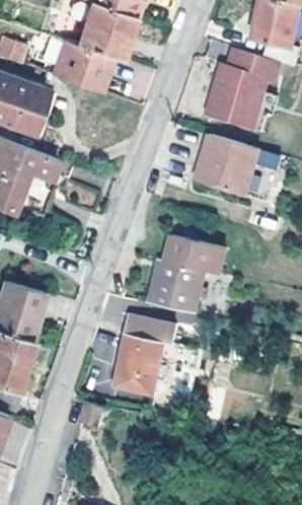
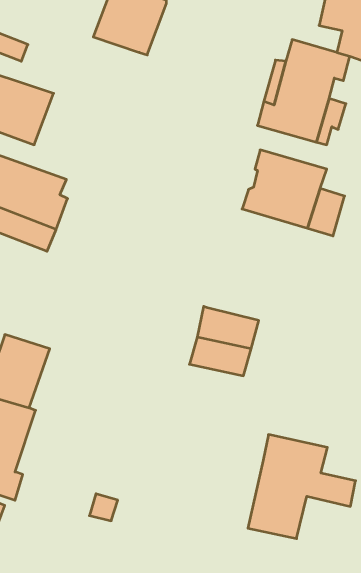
building: [52,41,112,93] -> none
building: [166,233,227,272] -> none
building: [114,312,199,394] -> [248,435,356,539]

